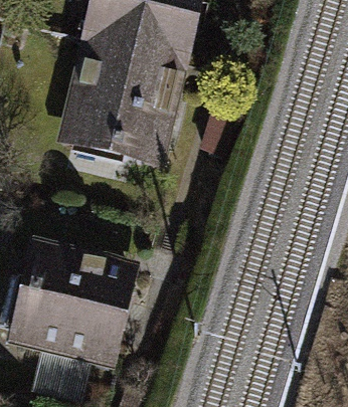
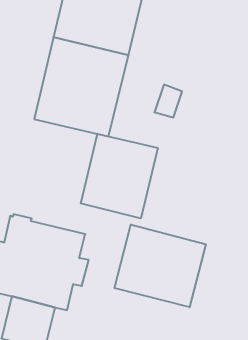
building: none -> [81,134,158,218]
building: none -> [114,224,206,307]

